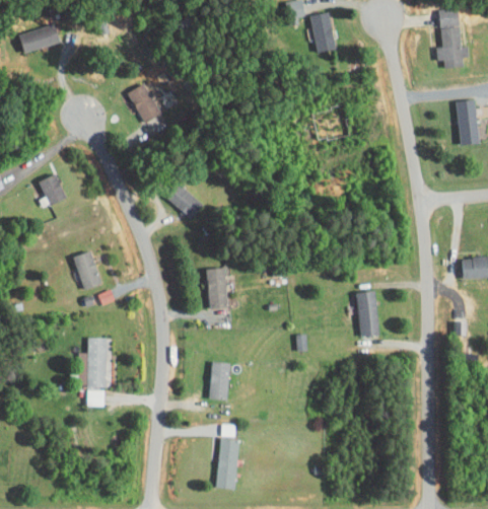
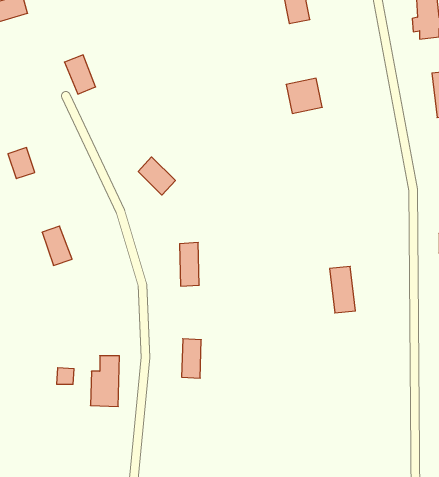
building: [129,84,159,123] -> [64,55,96,94]
building: [78,338,107,387] -> [90,356,119,406]
building: [215,439,239,490] -> none

